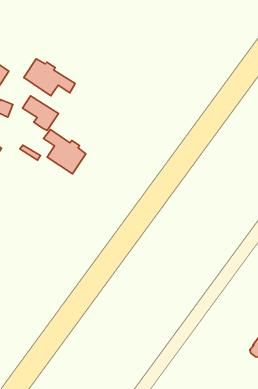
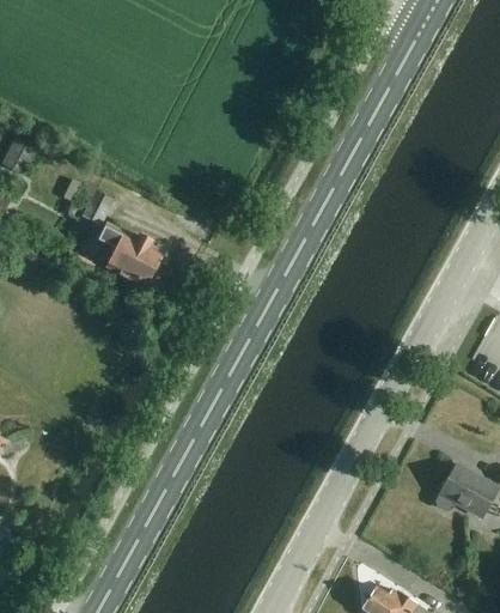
building: [24,59,75,96] -> none

